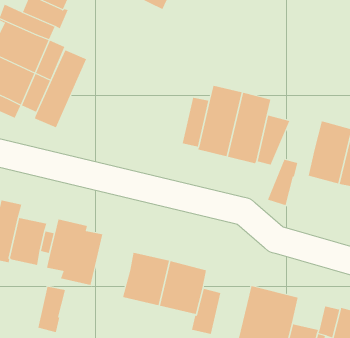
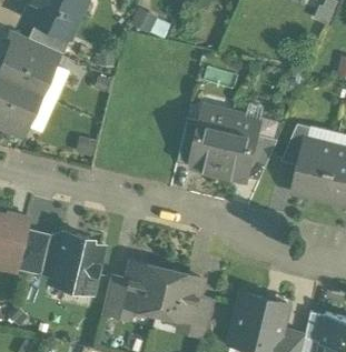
building: [34,49,87,128] -> none
building: [267,159,298,206] -> [283,123,312,167]
building: [37,286,66,333] -> [101,275,128,319]

